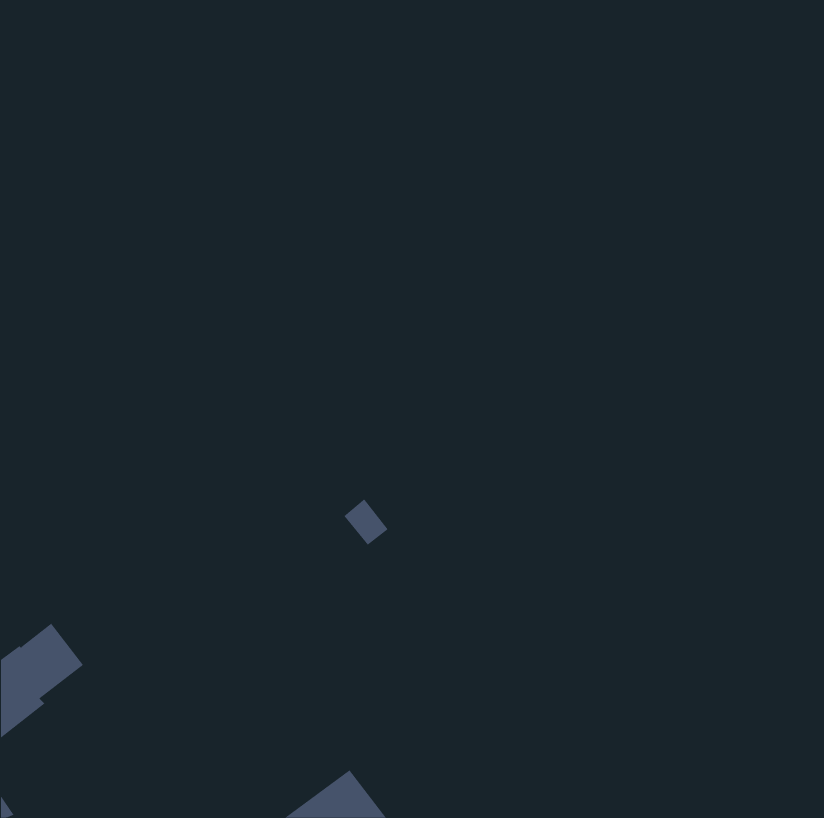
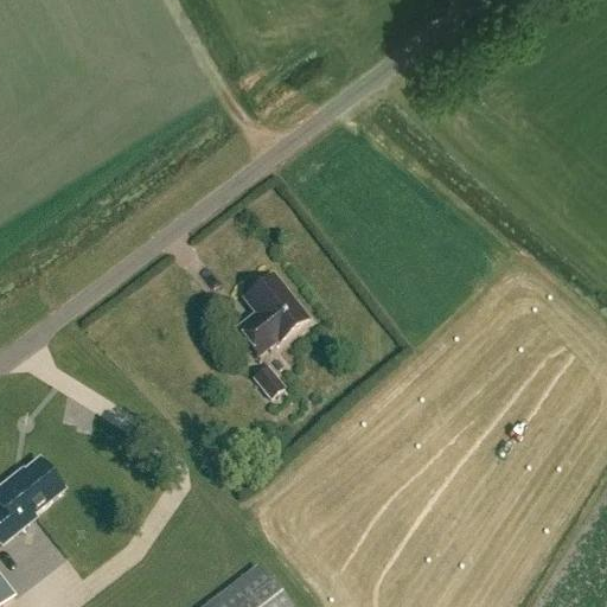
building: none -> [237,274,307,354]

